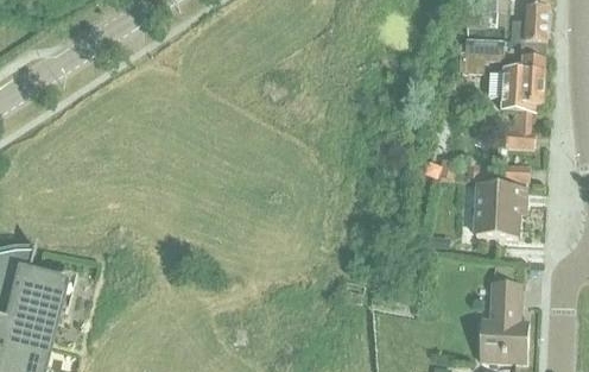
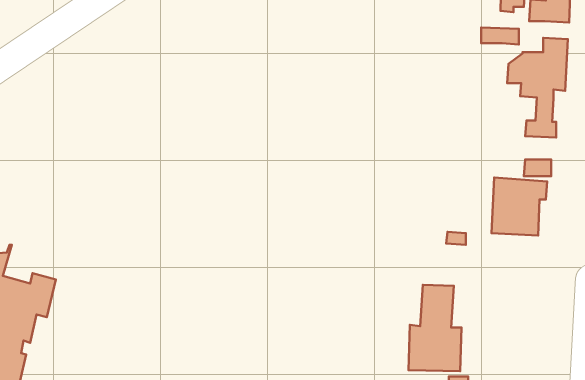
building: [479,279,527,359] -> [408,285,461,371]

